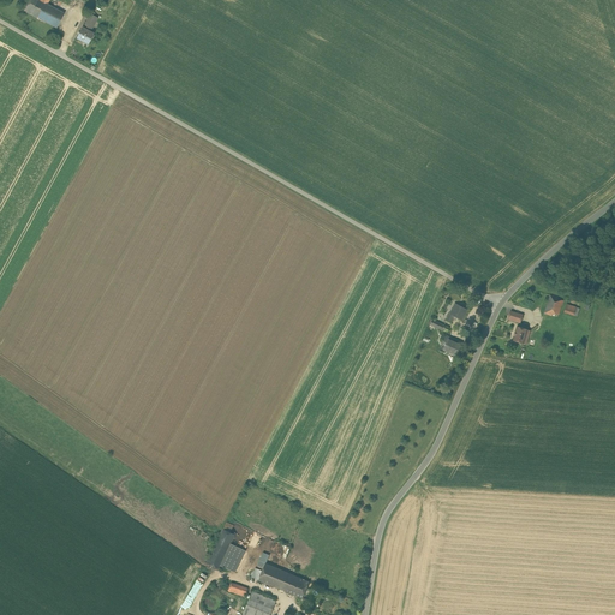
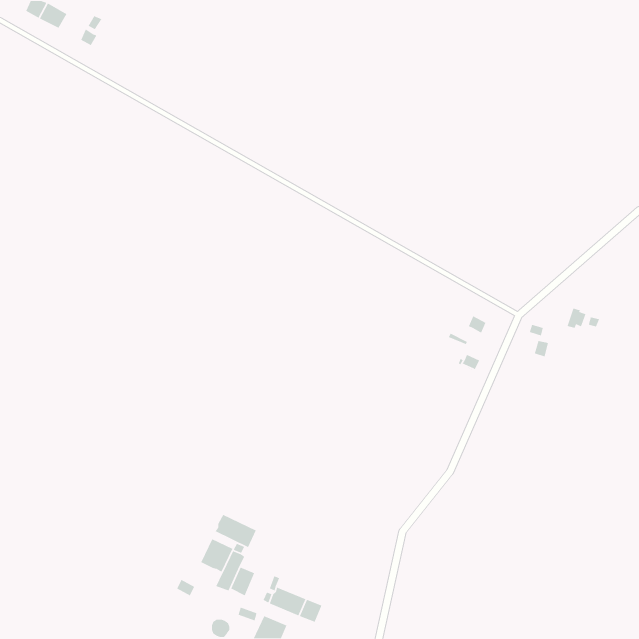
building: none -> [214,514,257,548]
building: none -> [200,538,233,573]

